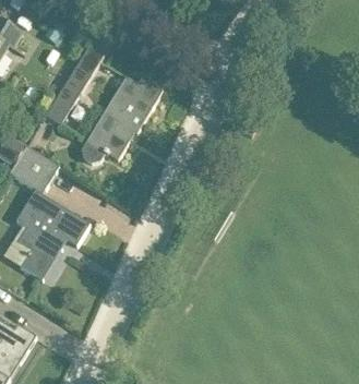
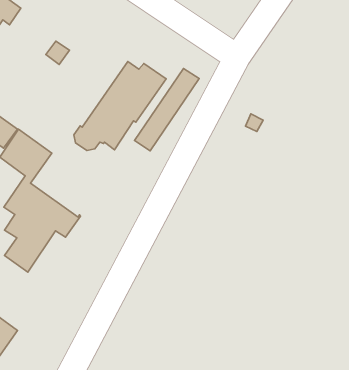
building: [46,45,104,124] -> [134,68,199,151]

